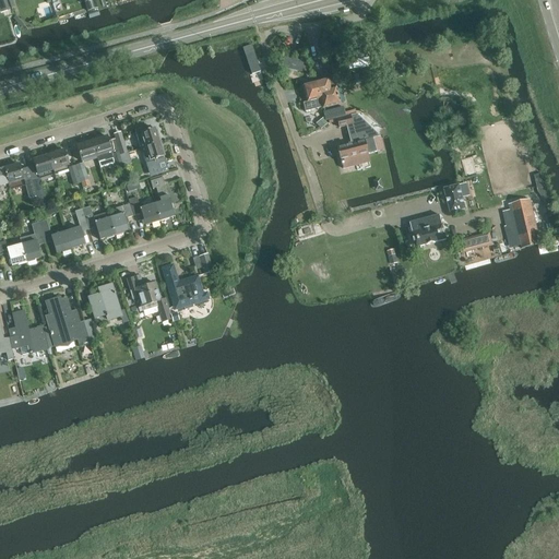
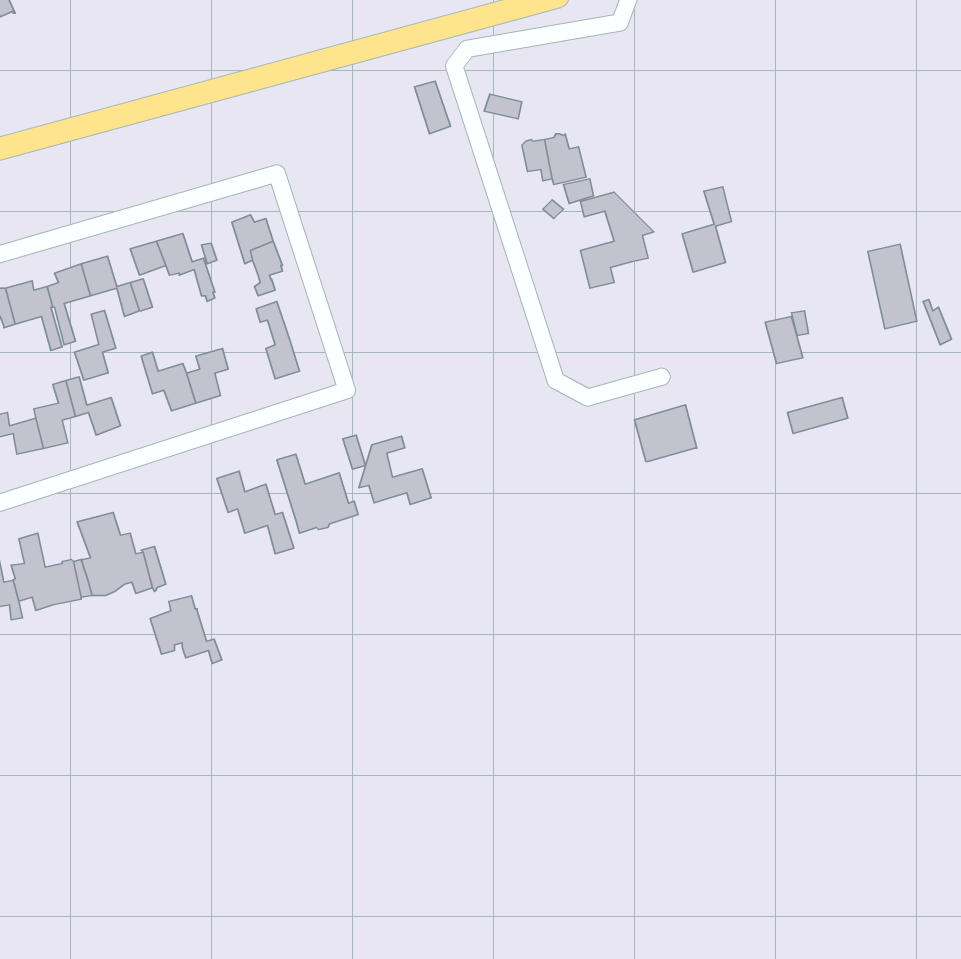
building: none -> [682,187,732,272]
building: [128,195,159,224] -> none
building: [511,198,539,247] -> [868,244,917,329]
building: [64,206,88,247] -> [74,311,116,380]
building: [409,213,445,246] -> [635,405,697,461]
building: none -> [359,436,431,505]
building: [86,283,128,322] -> [150,596,222,664]

